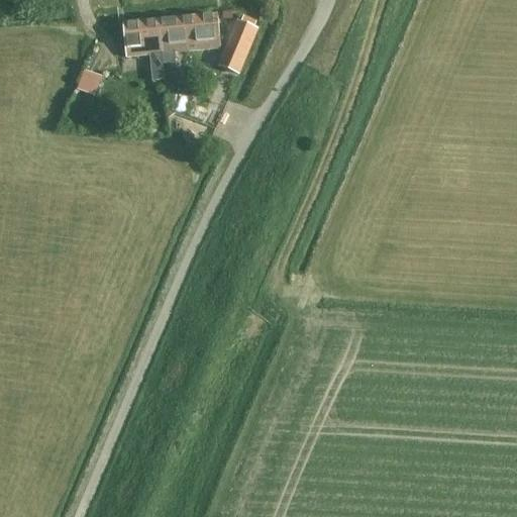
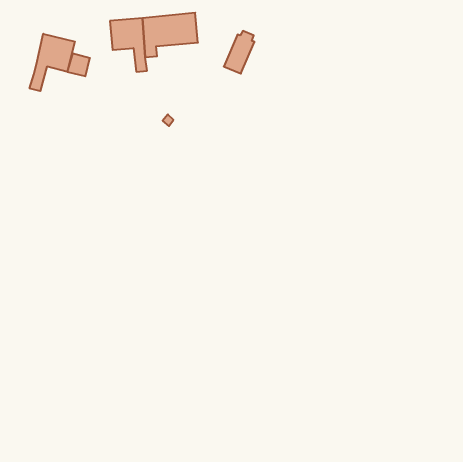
building: [221,17,255,65] -> [224,31,255,74]
building: none -> [30,34,75,91]

